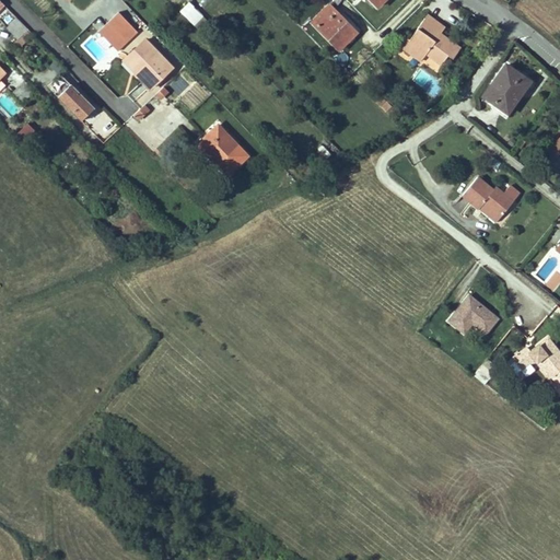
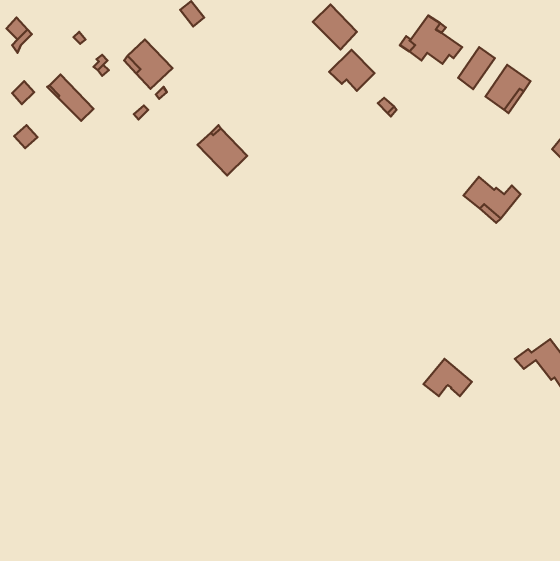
building: [98,12,138,51] -> none
building: none -> [458,47,495,89]
building: none -> [329,50,374,91]
building: [450,295,498,332] -> [424,359,472,396]

